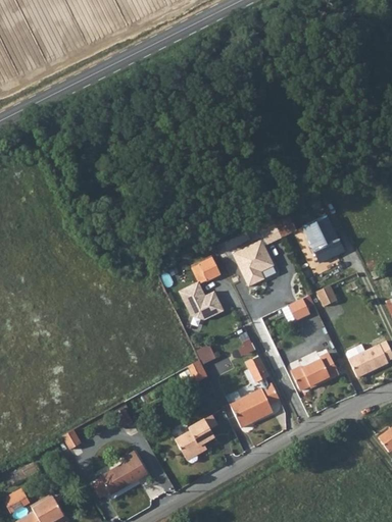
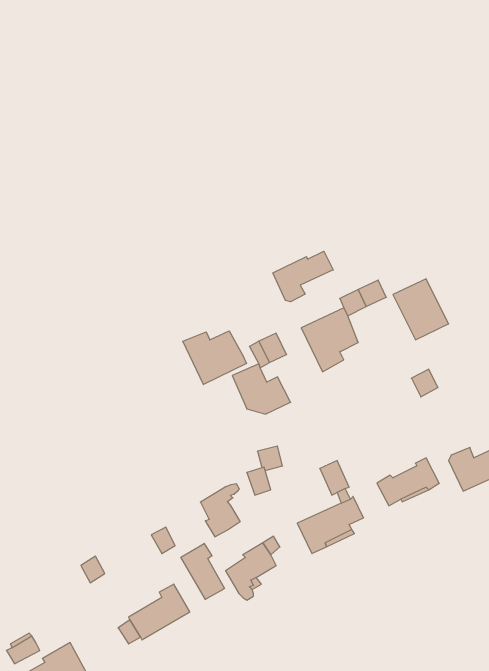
building: none -> [273,251,333,302]
building: none -> [183,331,247,385]
building: [288,295,313,321] -> none
building: none -> [200,484,240,537]
building: none -> [181,543,225,599]

